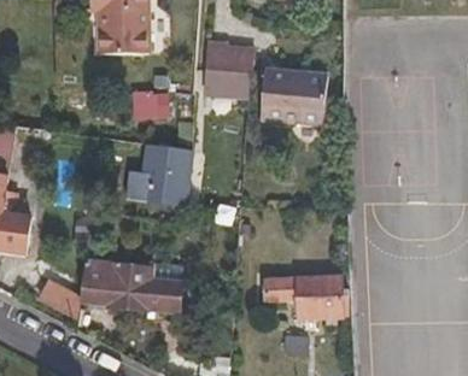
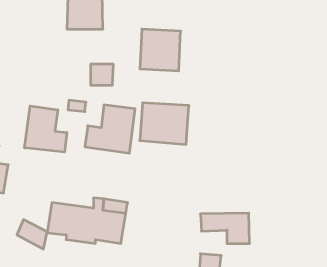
building: [258,70,321,123] -> [140,103,189,144]
building: none -> [25,106,67,152]

